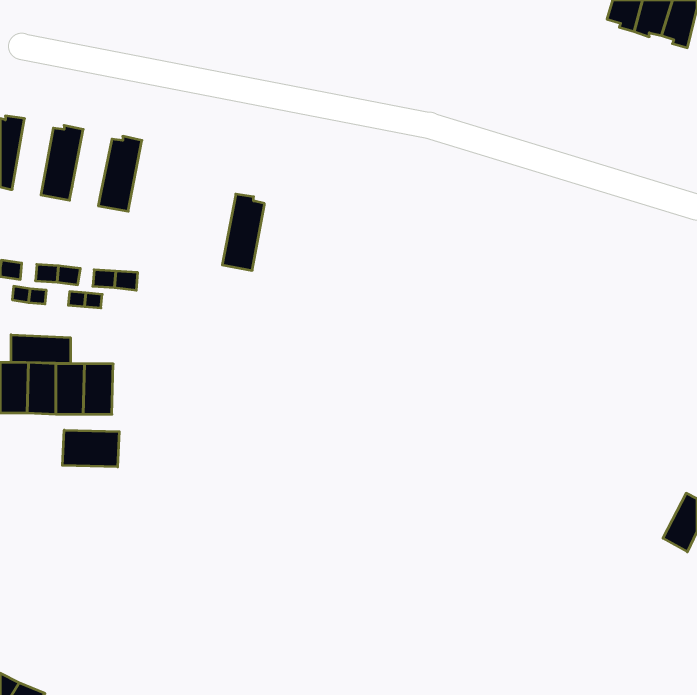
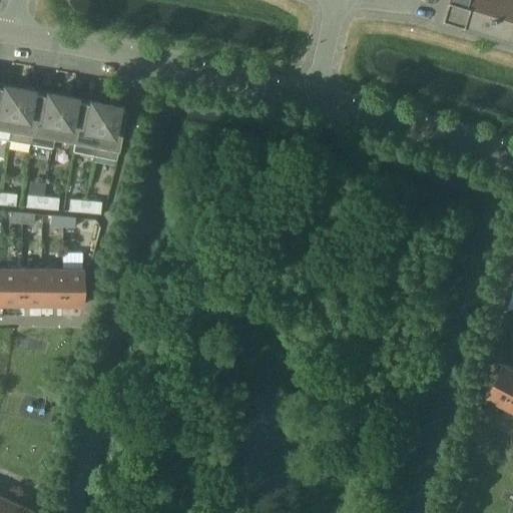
building: none -> [9,88,39,144]
building: none -> [53,96,82,142]
building: [222,194,264,270] -> [94,104,125,160]
building: [11,335,70,364] -> none
building: [62,430,119,467] -> none

